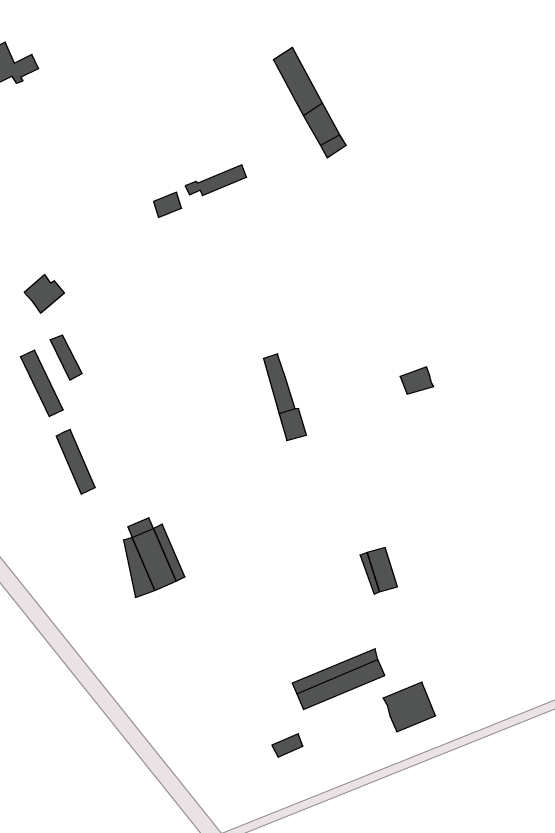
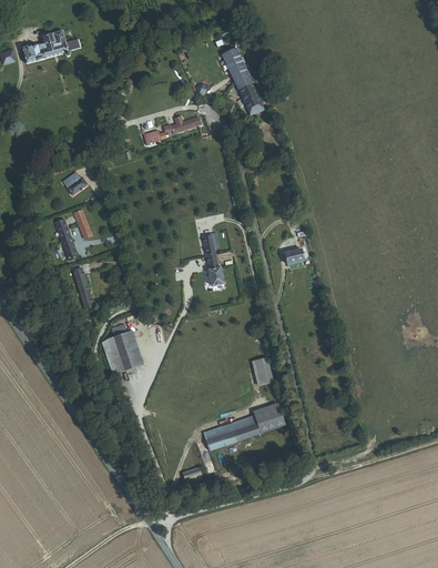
building: [383,682,436,732] -> [253,404,284,433]

